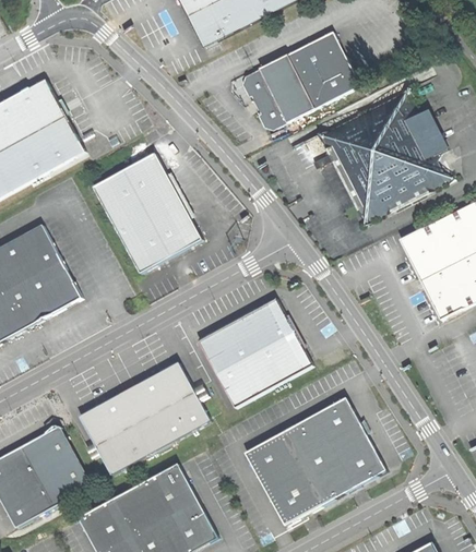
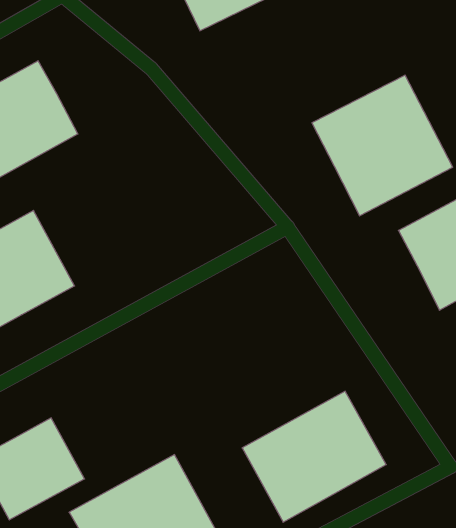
building: [241,33,358,132] -> none
building: [91,151,201,271] -> none
building: [200,299,313,408] -> none
building: [80,362,212,476] -> none

